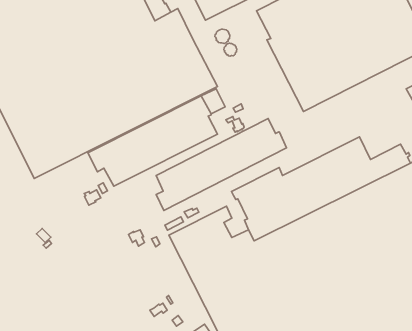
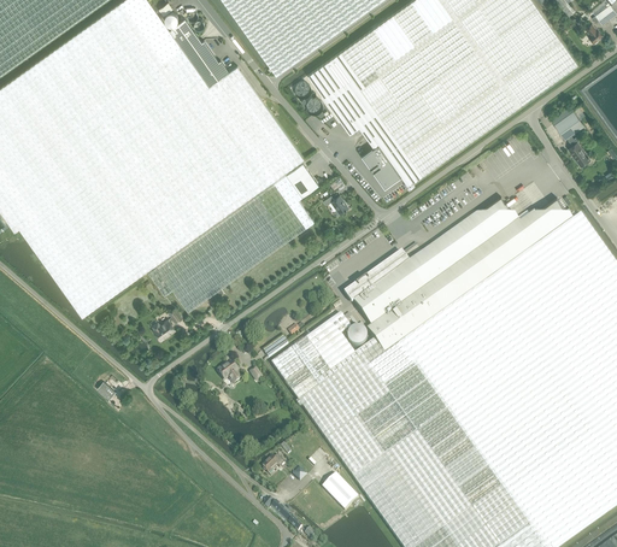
building: none -> [308,52,423,187]
building: [156,119,286,210] -> none

